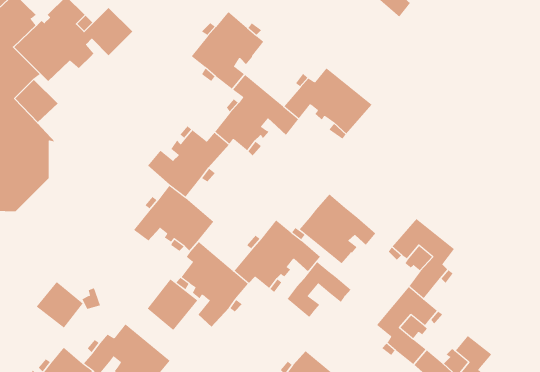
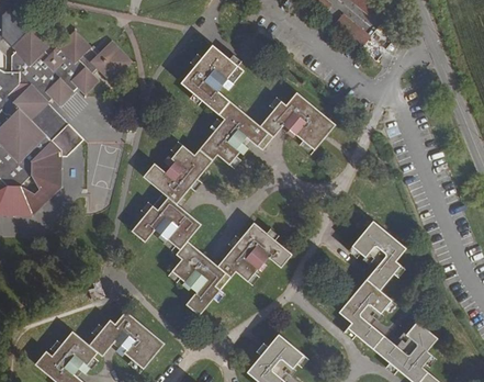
building: none -> [49,123,82,156]
building: [299,193,376,264] -> none
building: [287,261,352,318] -> none
building: [147,279,198,331] -> none
building: [36,281,83,329] -> none

